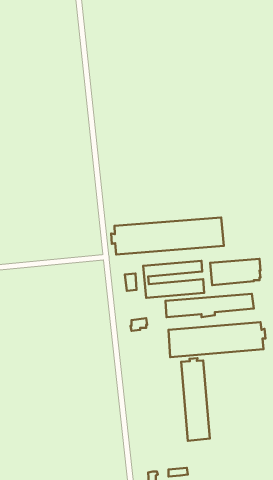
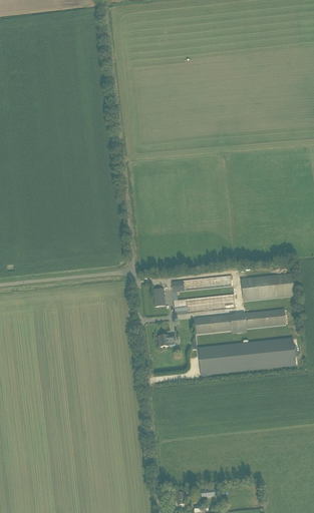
building: [111,218,224,254] -> none
building: [181,358,210,441] -> none

